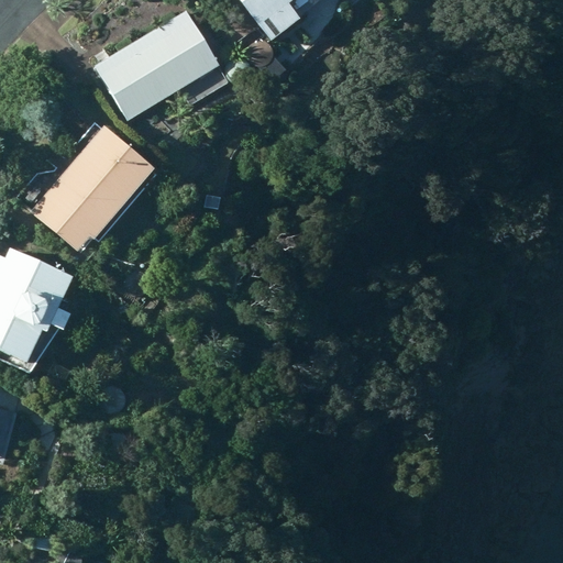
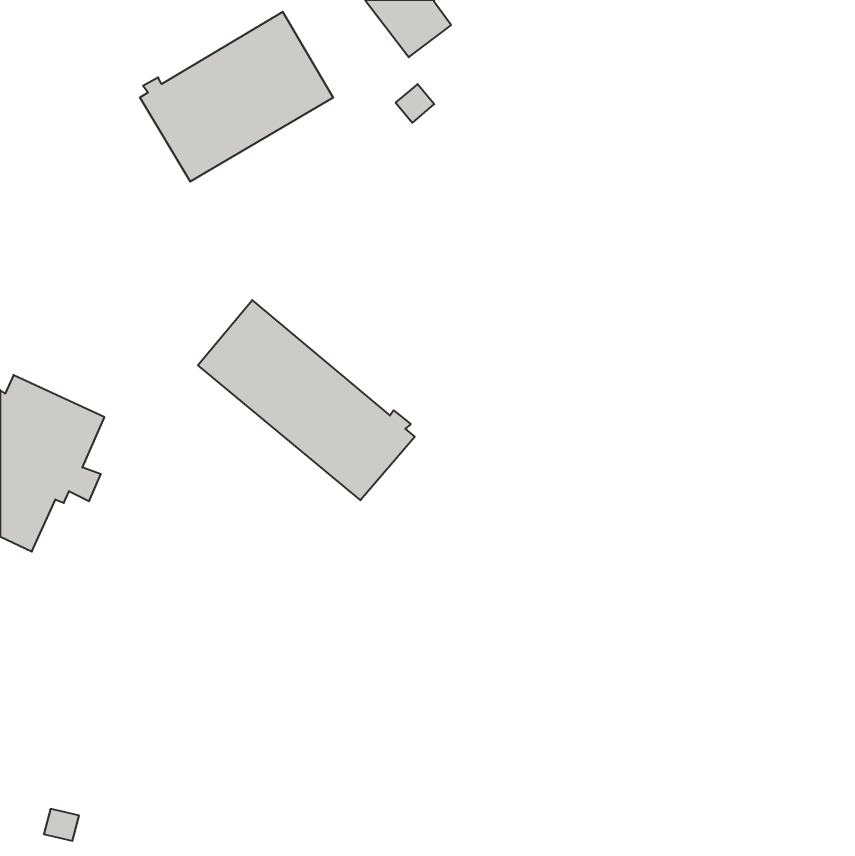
building: [32,128,152,251] -> none
building: none -> [198,300,415,500]

